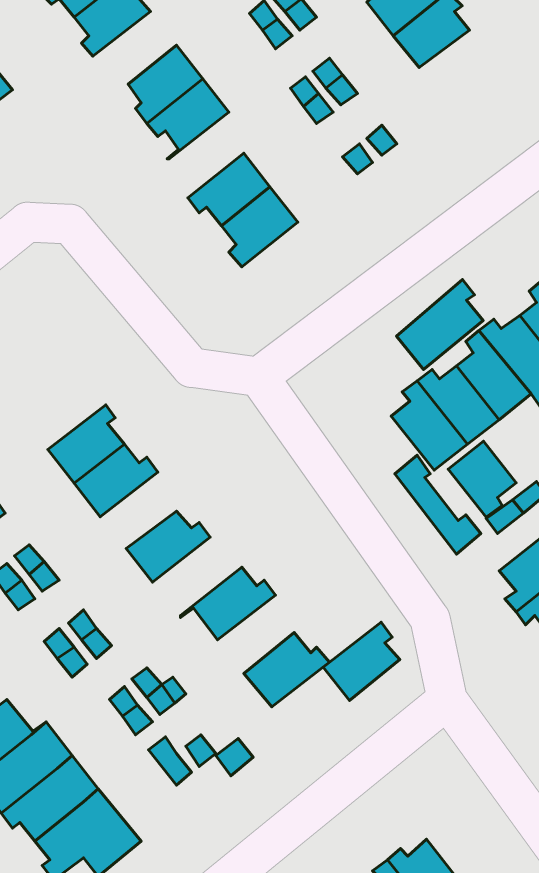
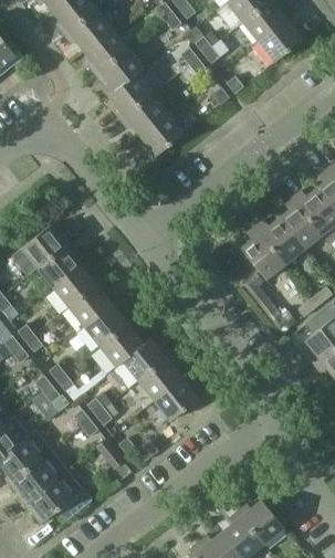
building: none -> [63,9,113,52]
building: none -> [257,20,306,63]
building: none -> [108,69,153,119]
building: [397,279,483,370] -> none
building: none -> [20,225,71,269]
building: [448,441,516,517] -> none
building: none -> [67,282,113,327]
building: none -> [98,320,151,367]
building: [323,622,400,701] -> [137,355,182,401]

